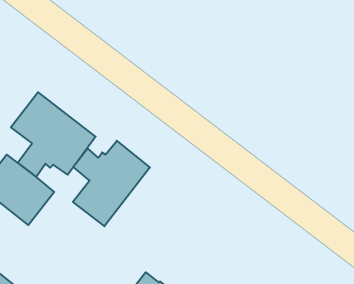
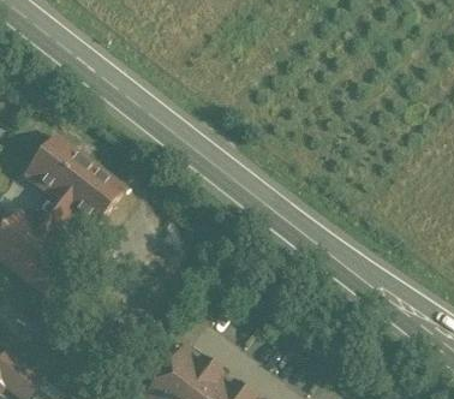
building: [73,141,150,226] -> none

